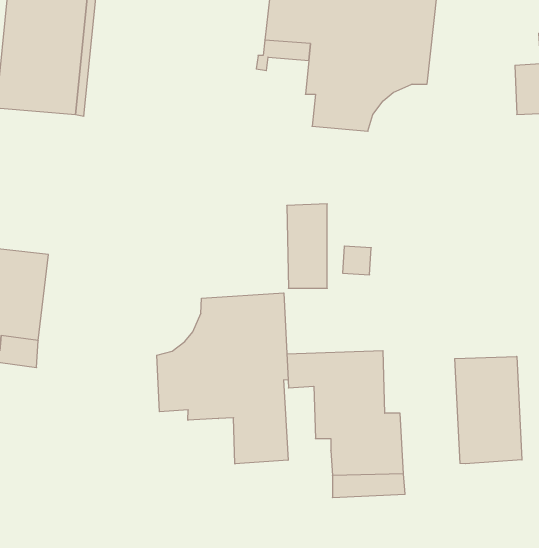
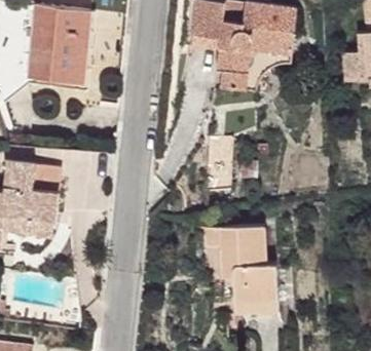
building: [157,293,288,464] -> none
building: [455,356,522,464] -> none

